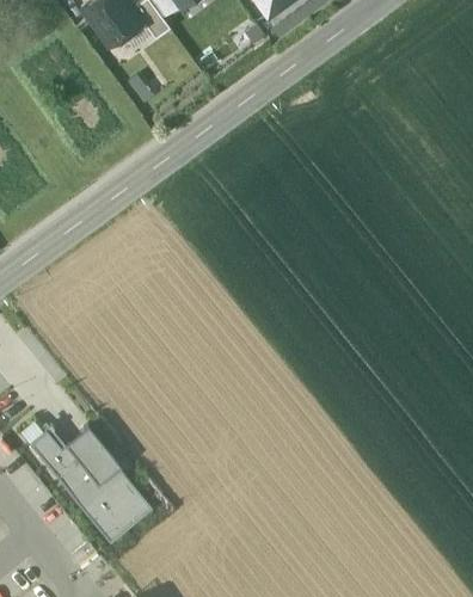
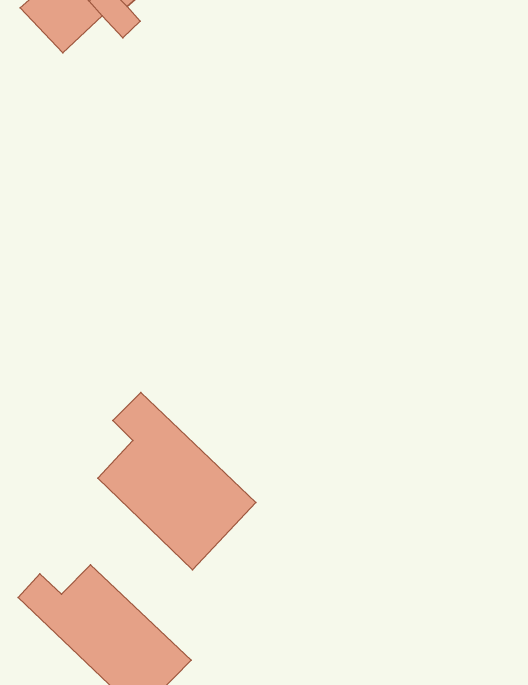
building: none -> [98,392,256,570]

